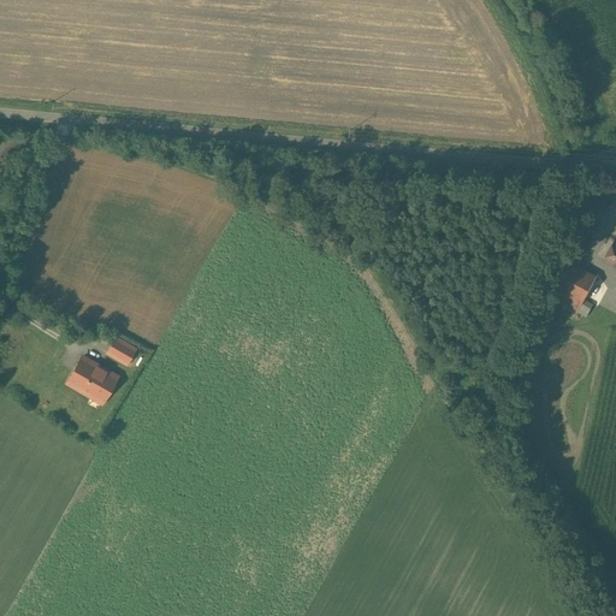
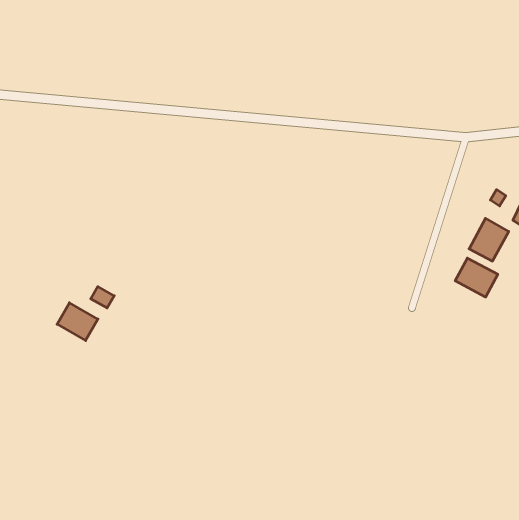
building: none -> [455,258,498,297]

